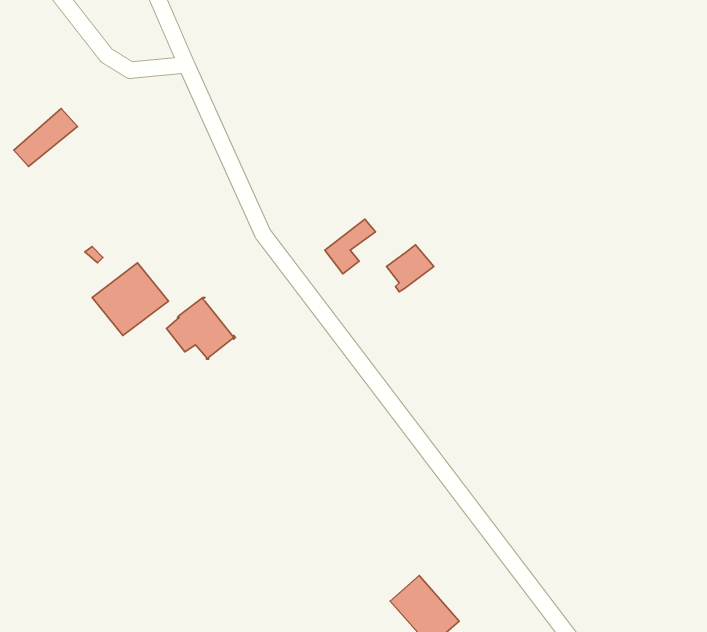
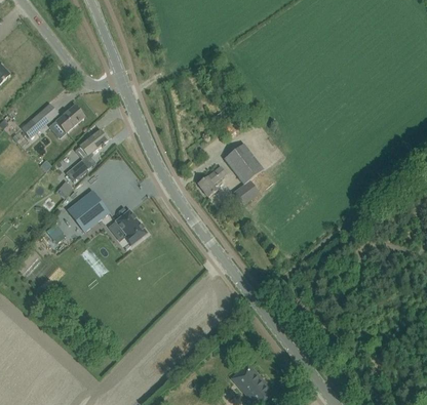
building: none -> [49,104,83,136]
building: none -> [65,129,107,180]
building: none -> [223,143,263,184]

